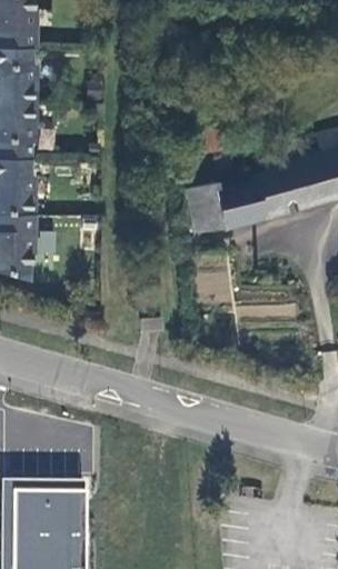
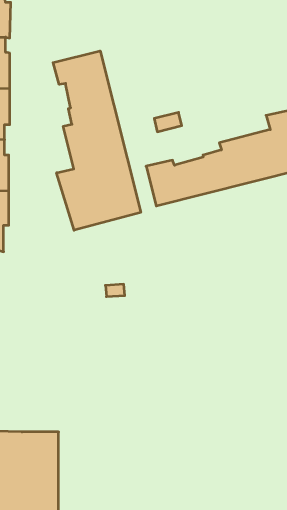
building: none -> [53,51,141,230]

